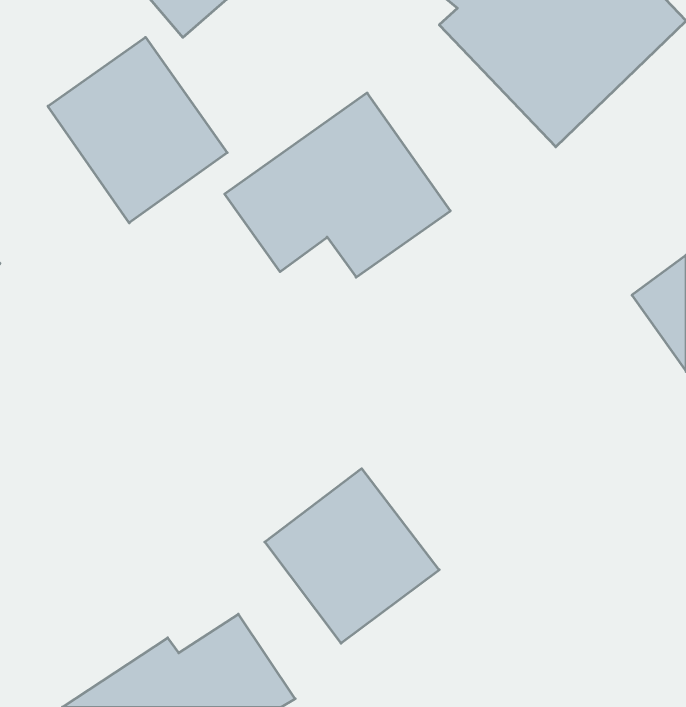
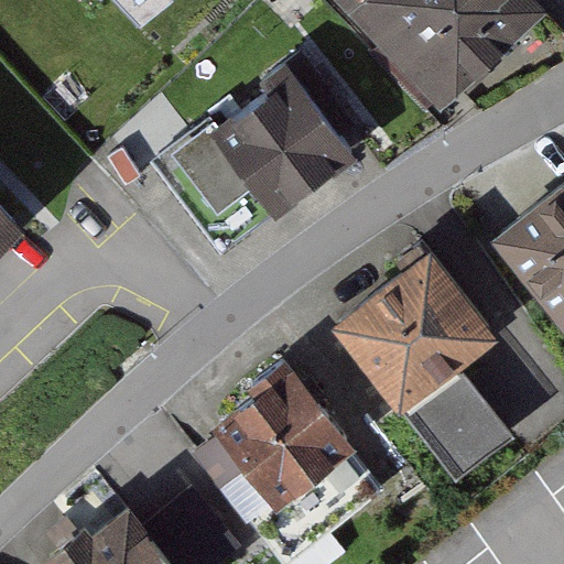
building: [48,37,227,223] -> none
building: none -> [339,252,509,475]

